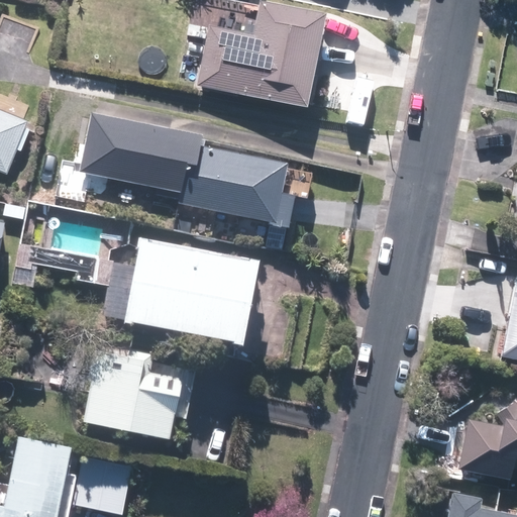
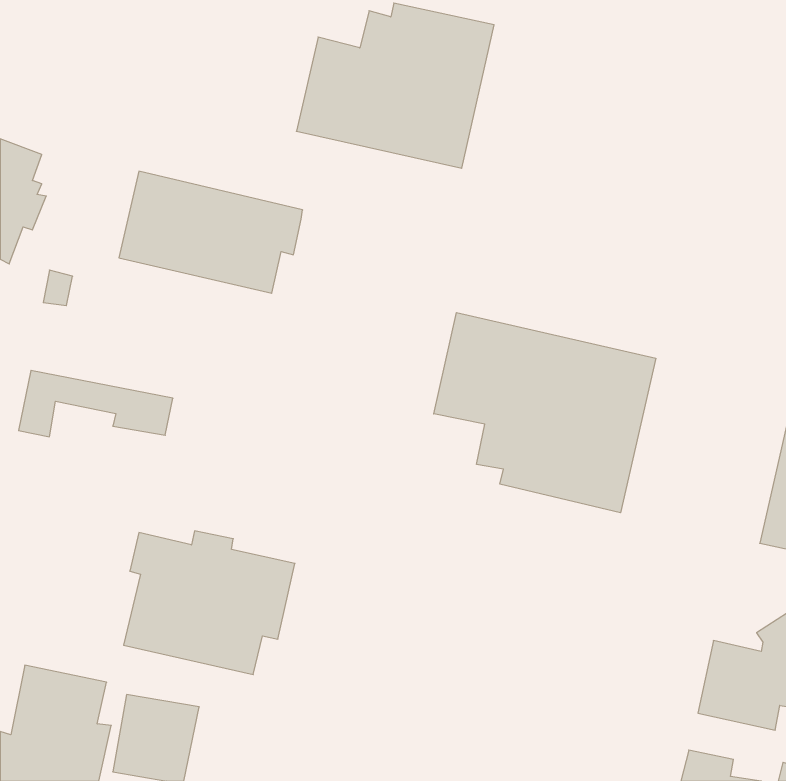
building: [178,143,295,231] -> none
building: none -> [434,313,656,513]
building: [123,240,257,351] -> none

